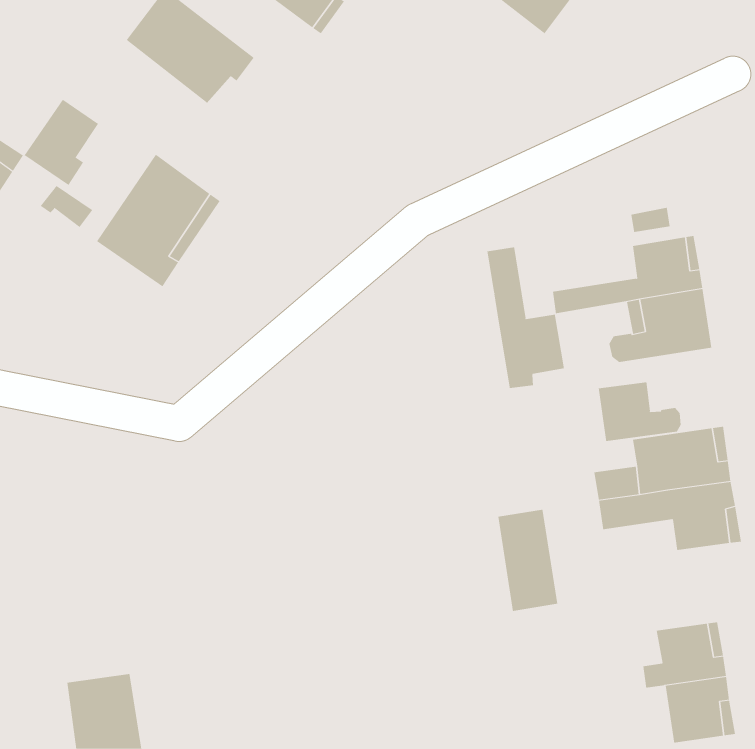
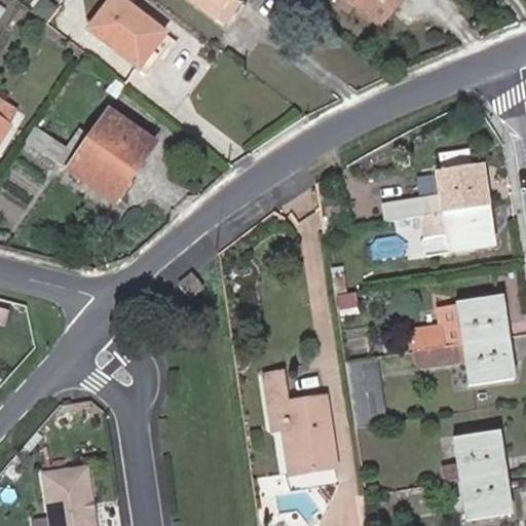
building: [24,99,99,186] -> none
building: [487,247,565,389] -> none
building: [598,381,681,442] -> none
building: none -> [263,369,338,473]

